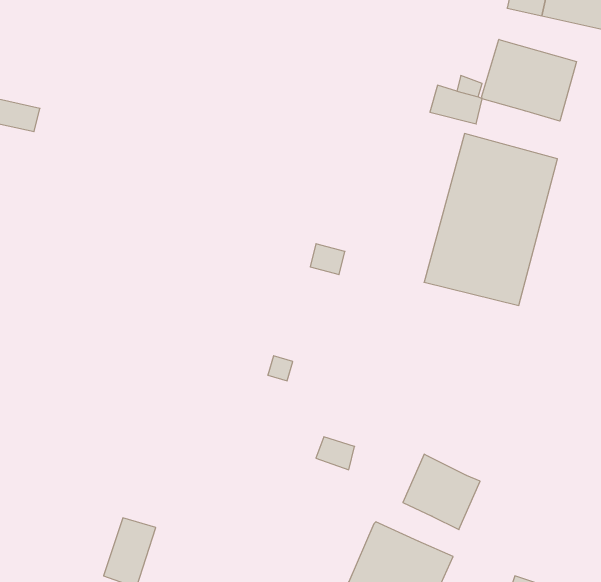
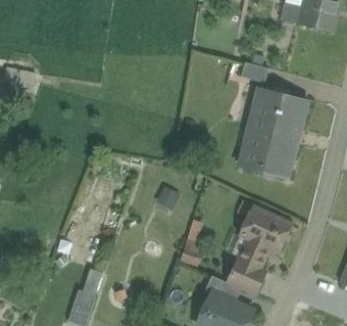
building: [482,39,577,121] -> none
building: none -> [238,204,292,268]
building: none -> [204,275,241,302]

